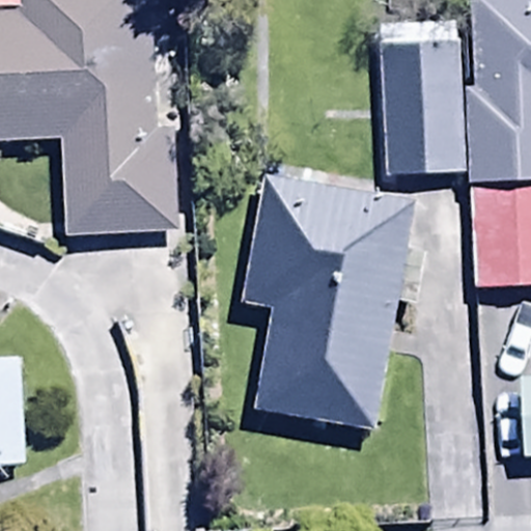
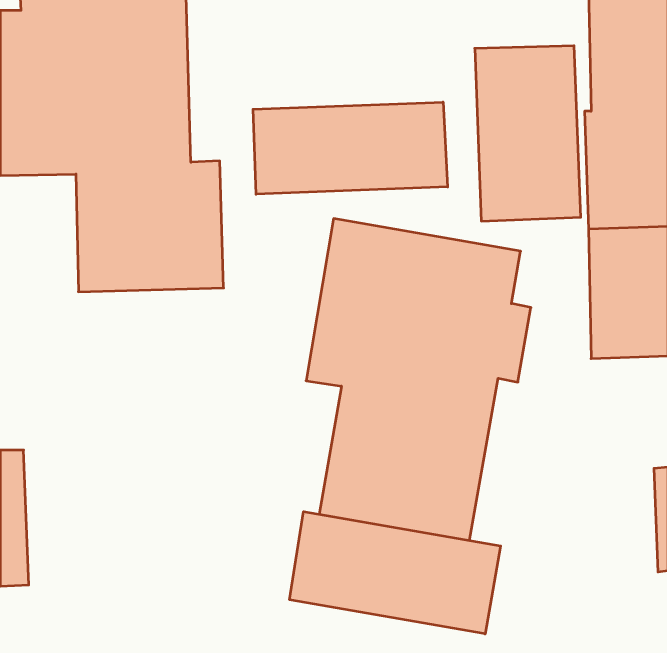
building: none -> [253,102,448,194]
building: none -> [290,512,501,634]

